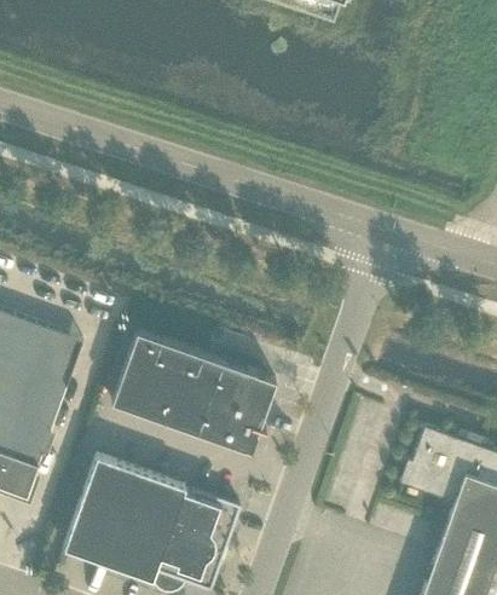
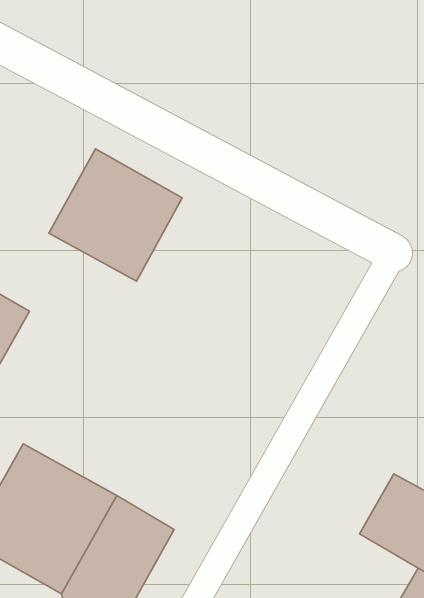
building: none -> [49,149,182,281]
building: [111,334,276,454] -> none

